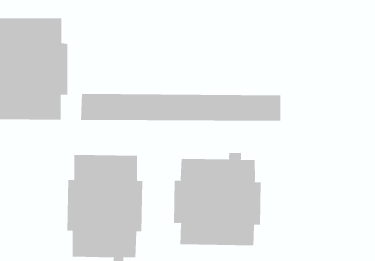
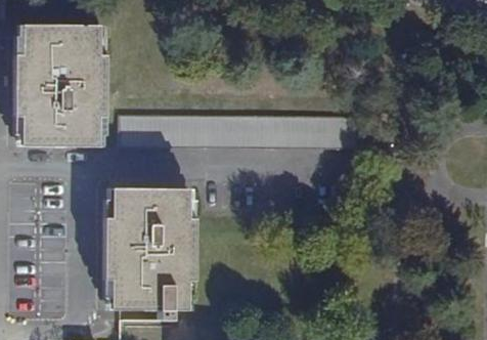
building: [174,152,261,246] -> none

